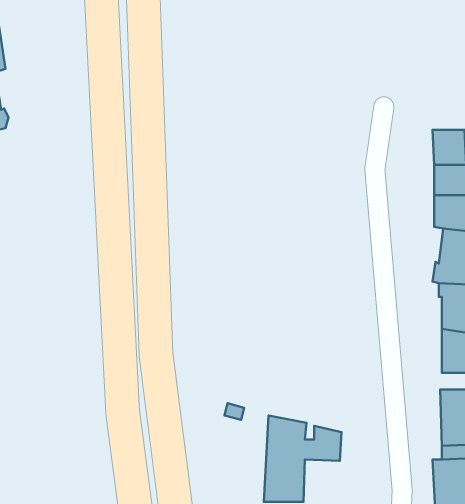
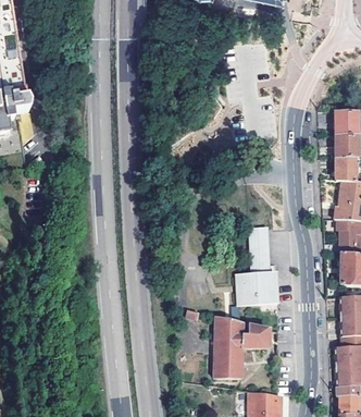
building: none -> [237,226,277,303]

